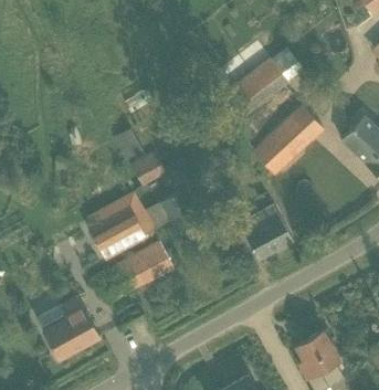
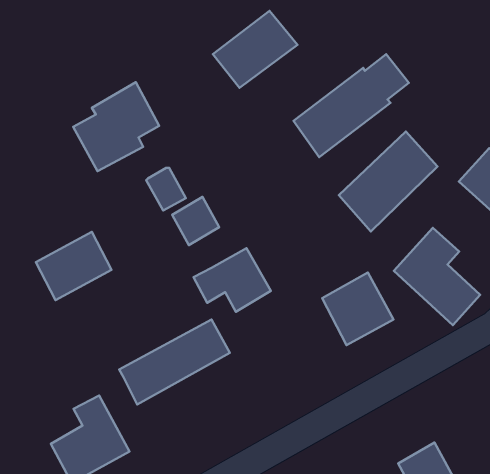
building: none -> [213,11,297,88]
building: none -> [73,82,159,171]
building: none -> [394,228,480,325]
building: [87,207,143,256] -> [36,232,112,300]

